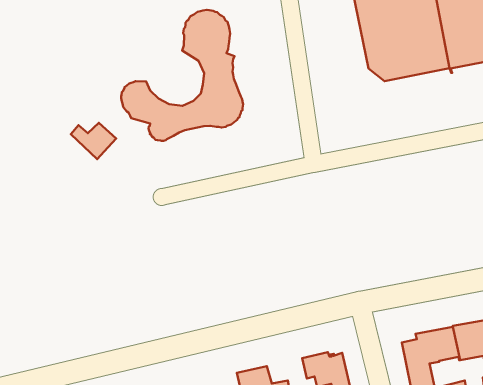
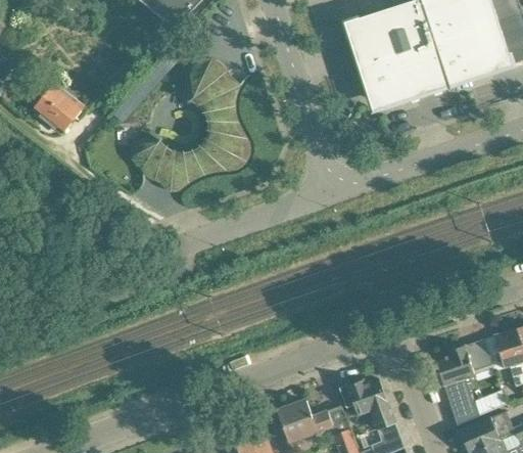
building: none -> [35,83,89,134]
building: [71,123,116,159] -> none

